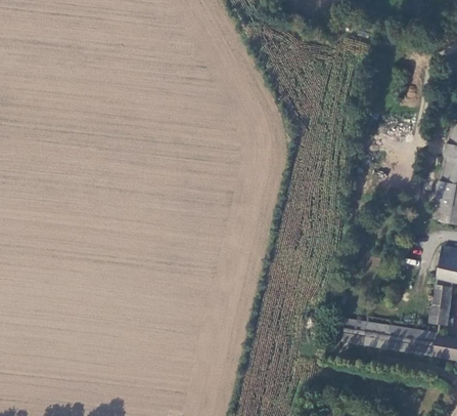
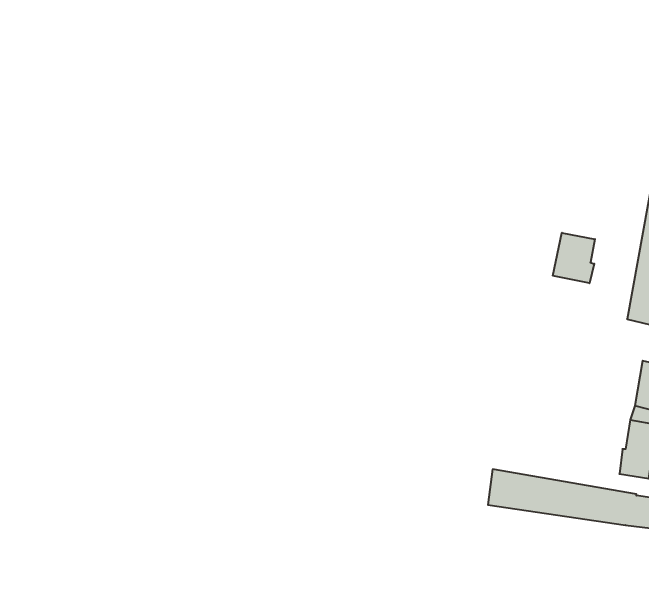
building: none -> [553,233,595,283]

